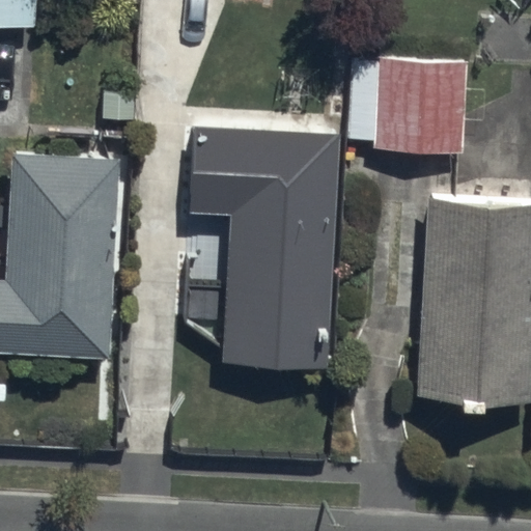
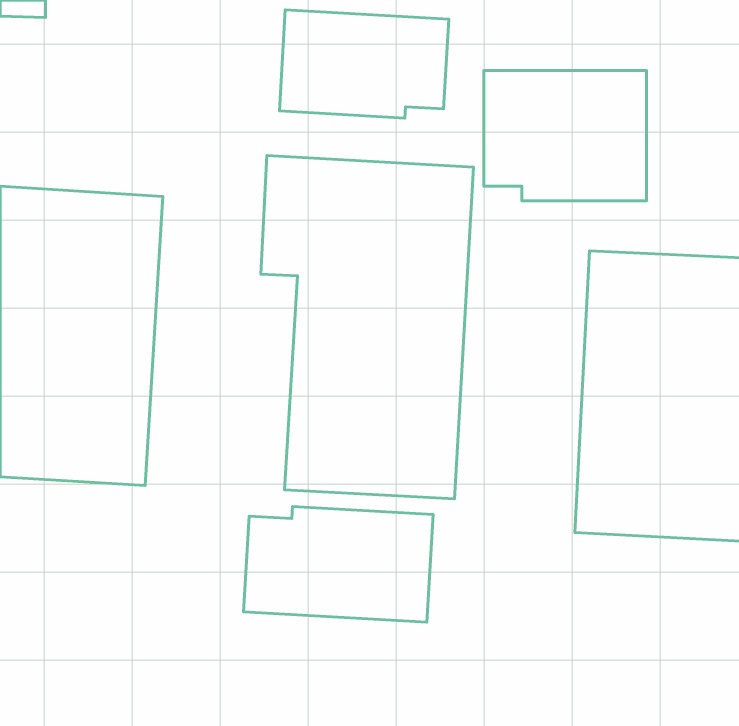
building: none -> [280,10,449,118]
building: none -> [244,506,433,622]

